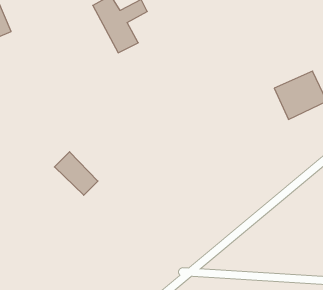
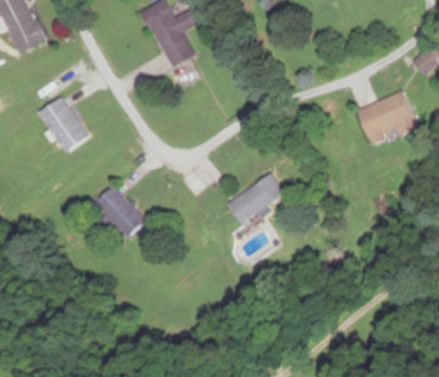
building: none -> [39,96,88,152]
building: none -> [226,172,287,224]

